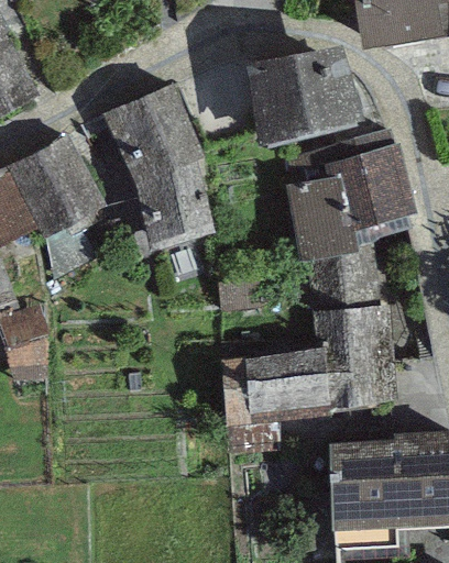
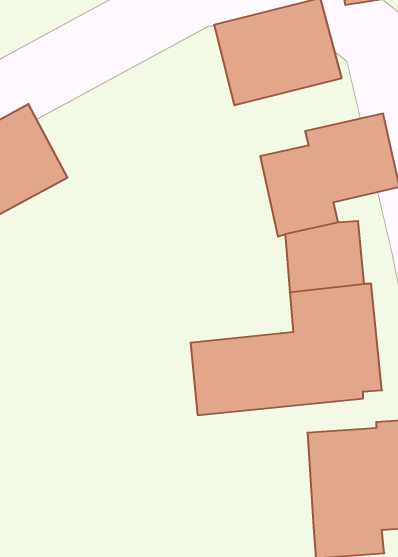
building: [102,85,213,243] -> none

